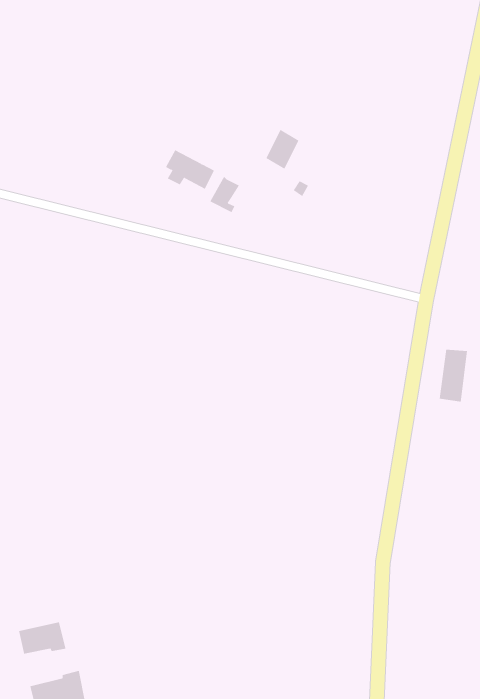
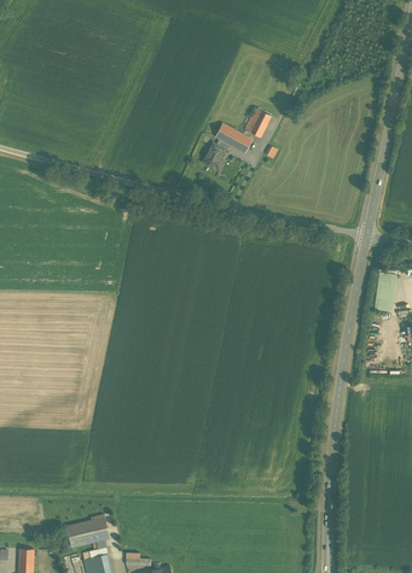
building: [165,150,215,190] -> [214,123,251,153]
building: [19,621,66,655] -> none

